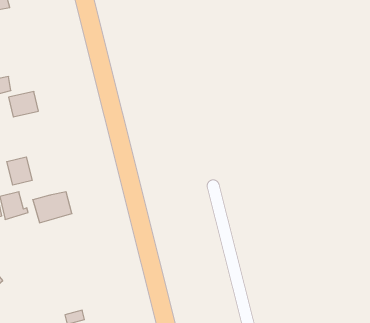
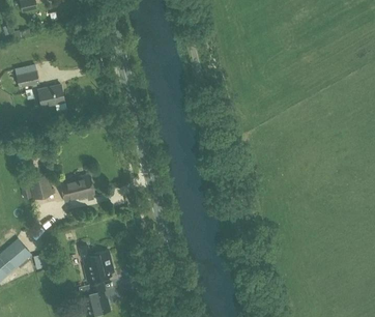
building: [7,157,32,185] -> none
building: none -> [79,247,113,281]

